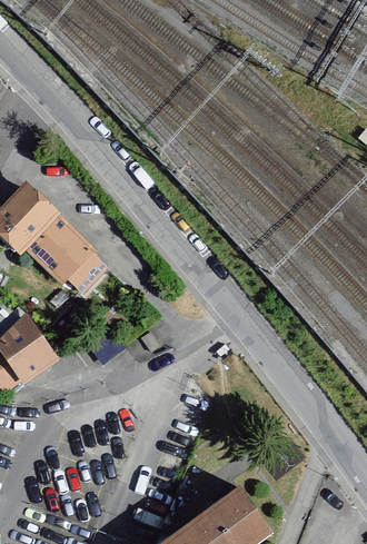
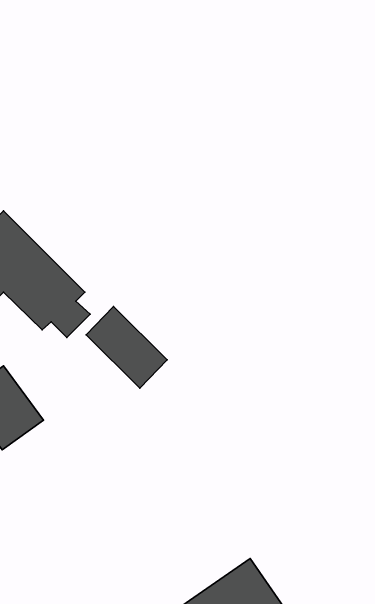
building: none -> [86,307,167,388]

